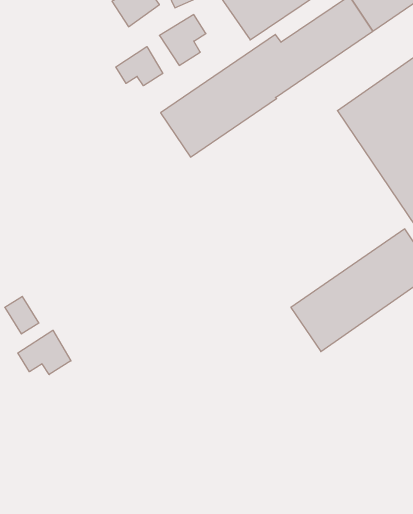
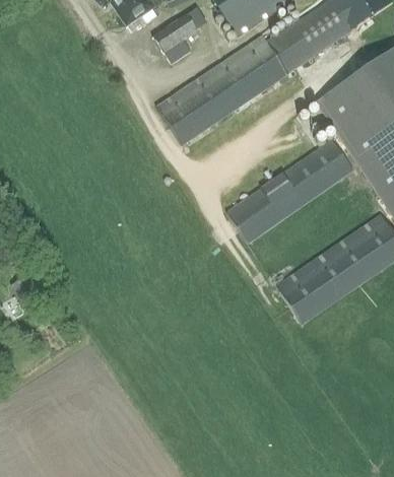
building: [116,47,163,86] -> none
building: none -> [225,137,353,243]
building: [18,330,71,375] -> none

